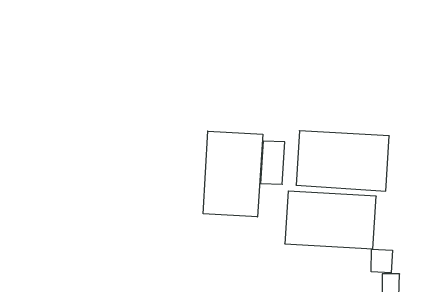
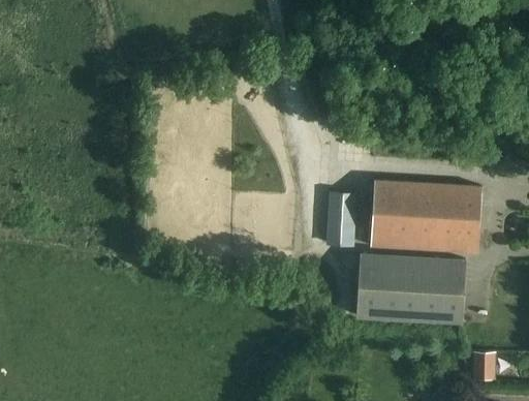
building: [203,131,263,217] -> none
building: [371,249,392,273] -> none

